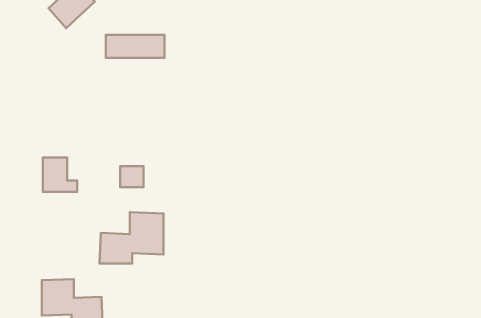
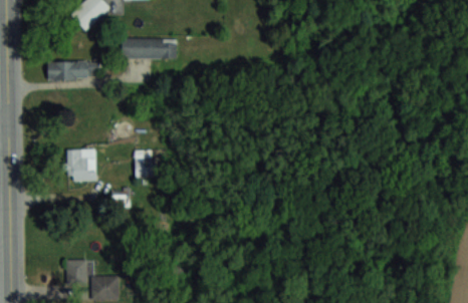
building: none -> [48,62,101,79]
building: [100,212,164,264] -> none

